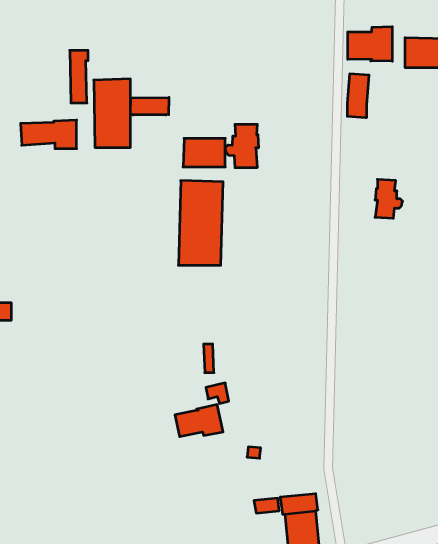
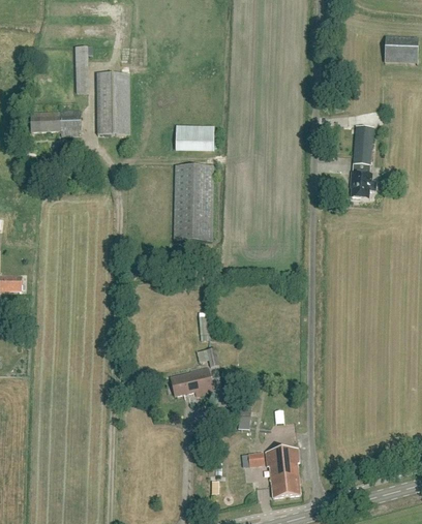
building: [348,27,392,61] -> none
building: [347,74,369,117] -> [353,125,372,164]
building: [130,97,169,115] -> none
building: [225,124,258,168] -> none

